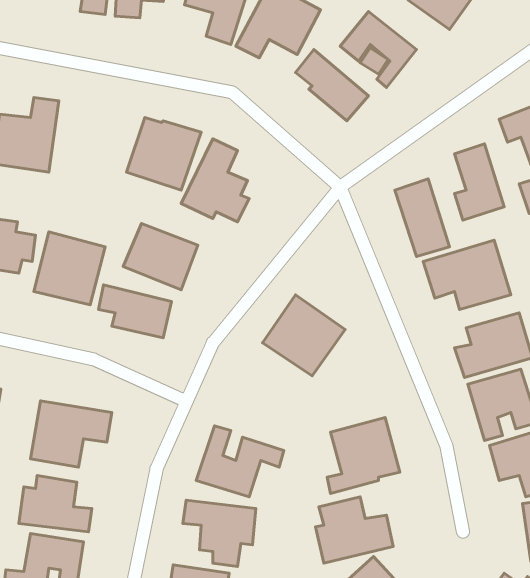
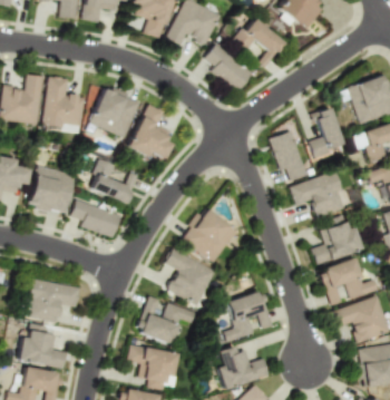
building: none -> [42,77,85,135]
building: none -> [165,250,215,305]

